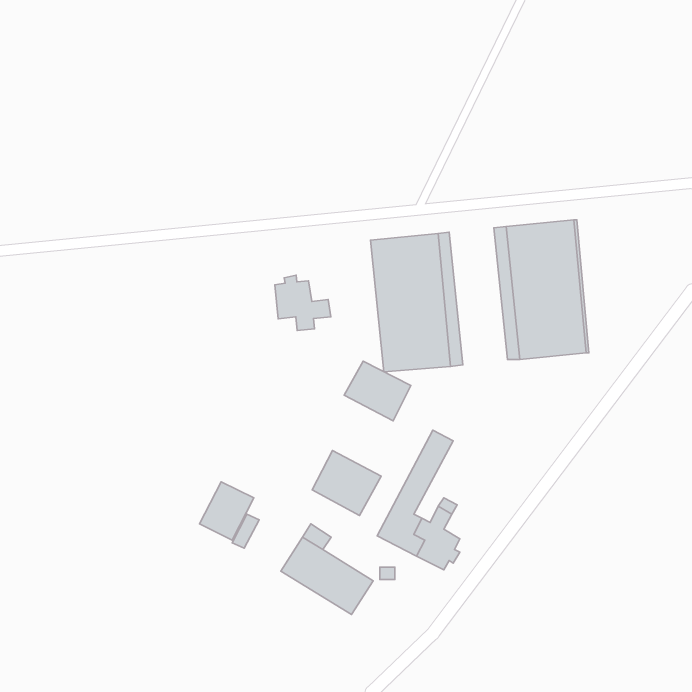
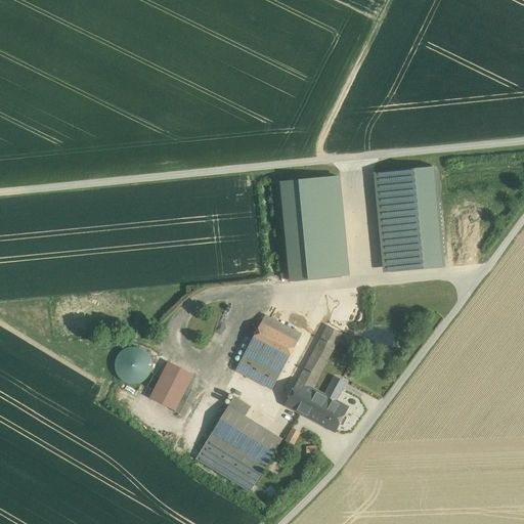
building: [275,275,331,330] -> none
building: [344,361,411,421] -> [251,314,301,359]
building: none -> [115,346,151,383]
building: none -> [196,431,265,490]

